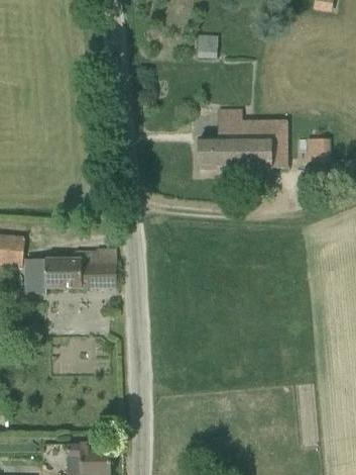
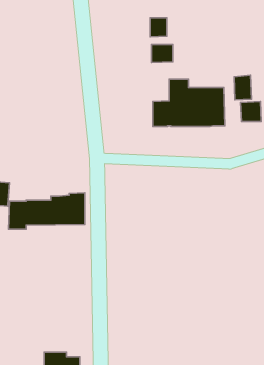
building: none -> [151,45,173,62]
building: none -> [234,75,251,100]

